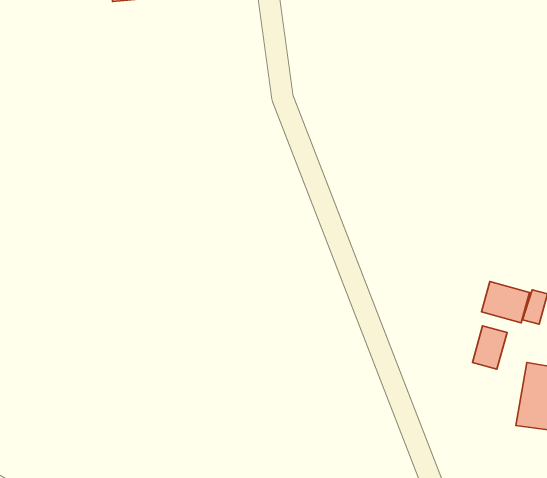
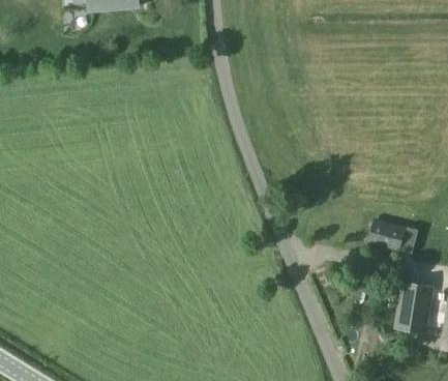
building: [472,326,507,369] -> none

